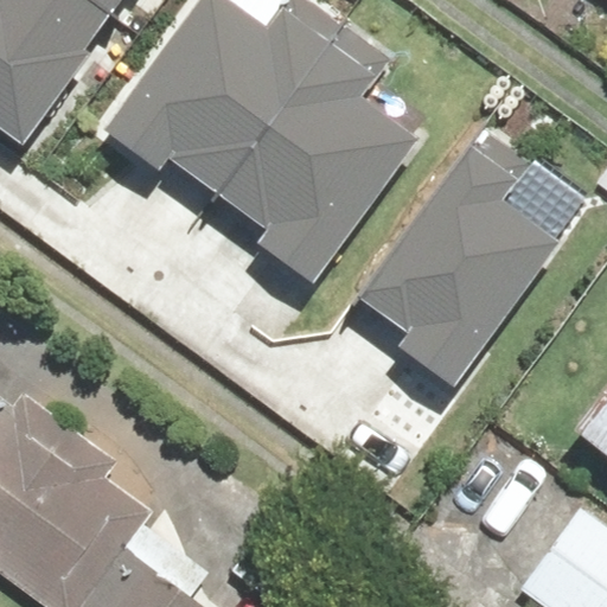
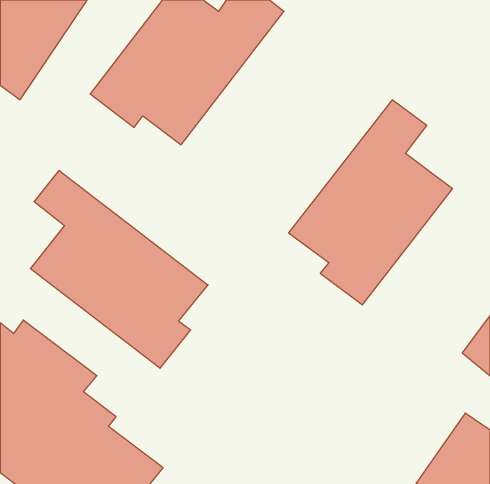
building: [224,21,426,276] -> none
building: none -> [30,170,208,368]

